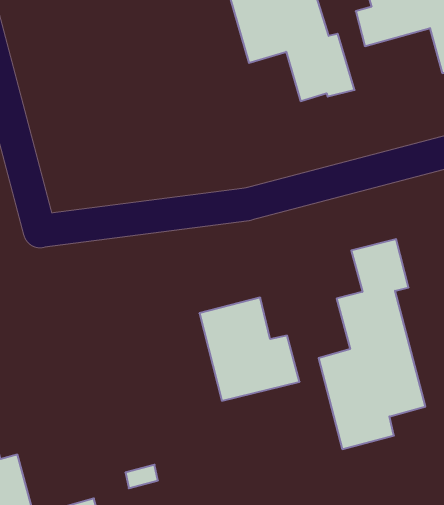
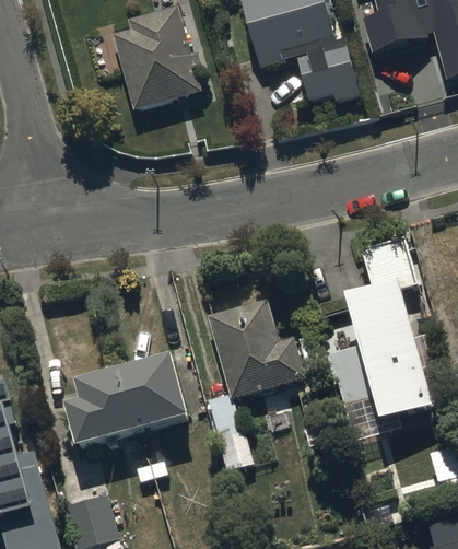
building: none -> [118,21,205,126]
building: none -> [68,355,192,446]

